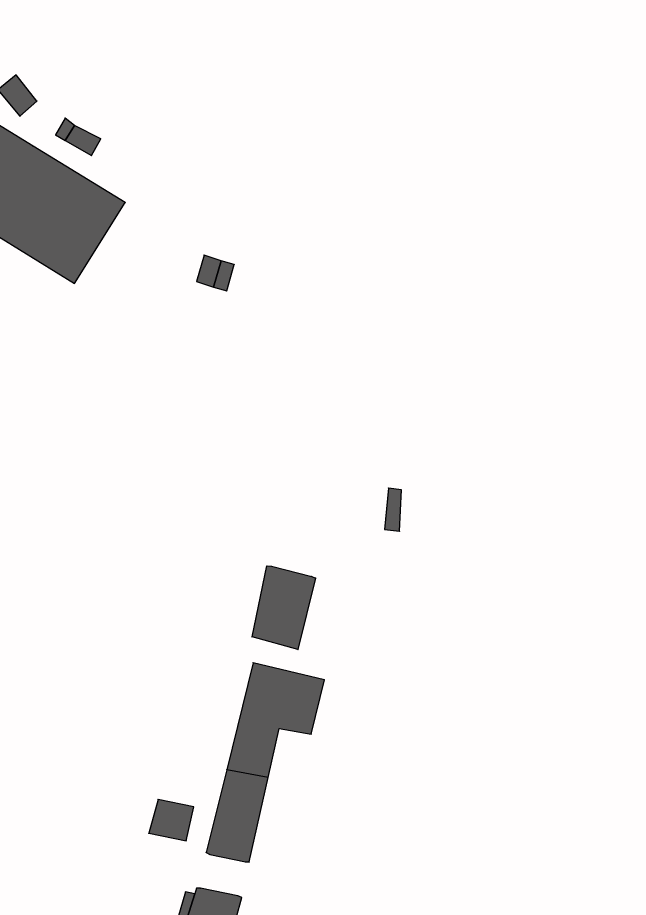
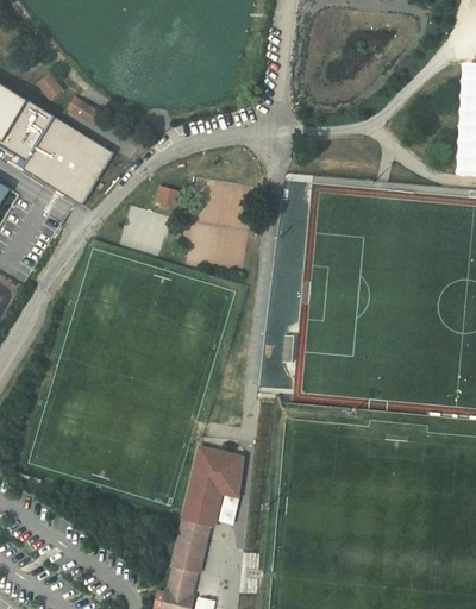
building: [252,566,316,650] -> none
building: [149,799,194,841] -> [165,567,194,594]

